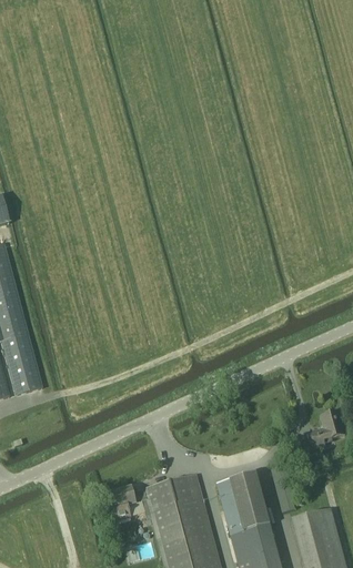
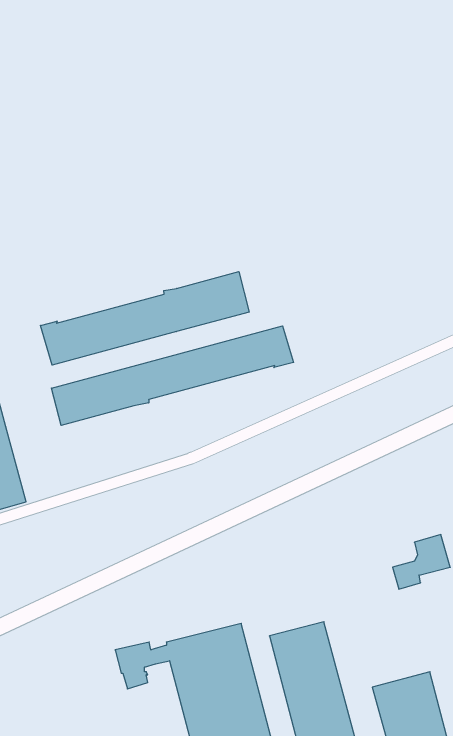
building: none -> [40,272,249,365]
building: none -> [51,326,294,425]

